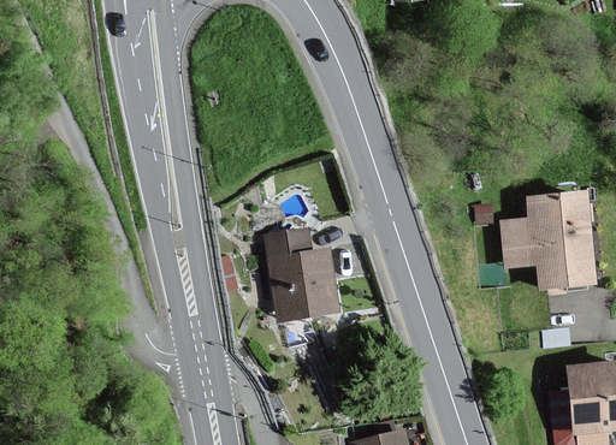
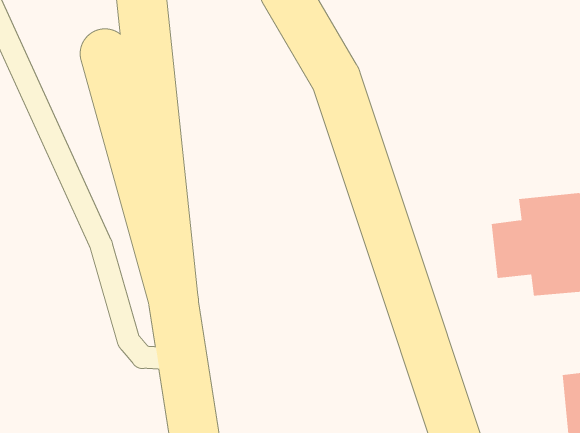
building: [267,226,339,319] -> none

